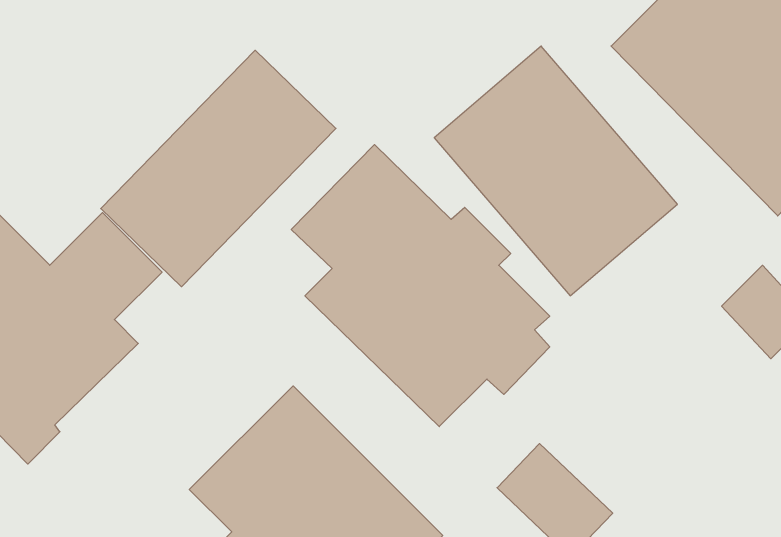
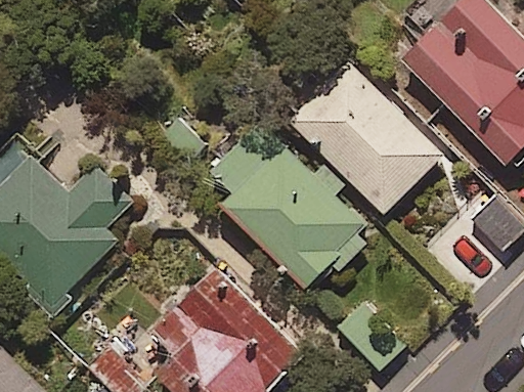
building: [101,50,336,287] -> none

